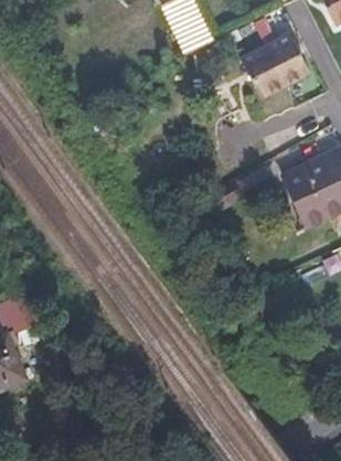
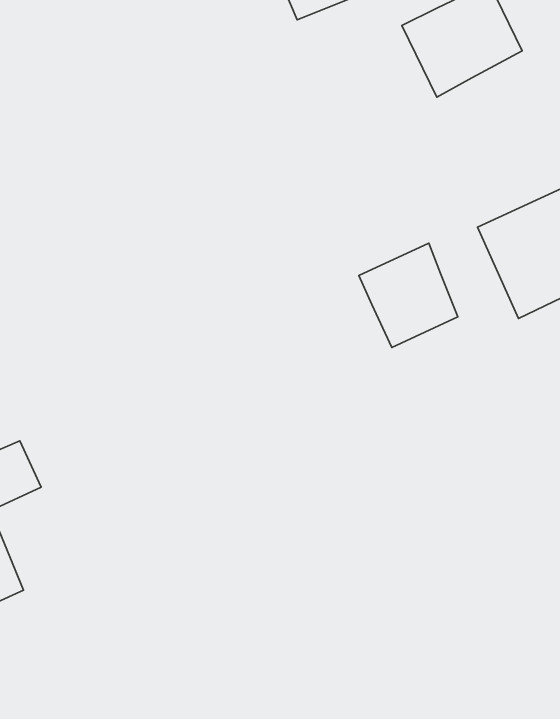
building: none -> [359,243,458,347]

